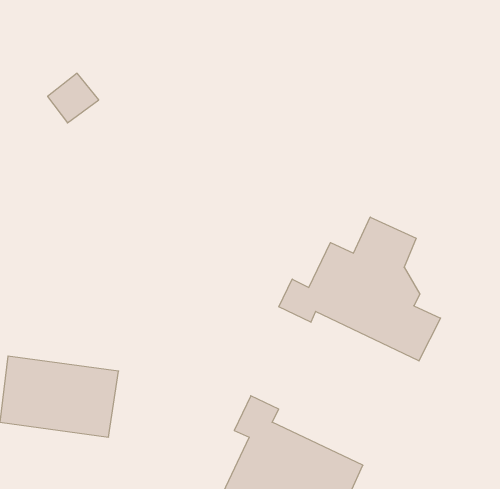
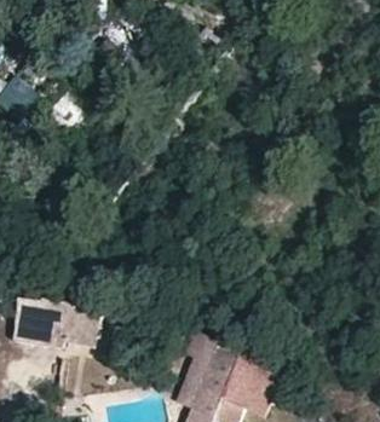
building: [279,217,441,361] -> none

